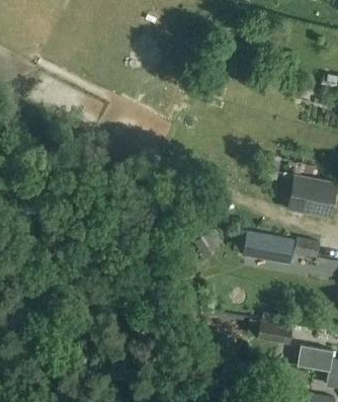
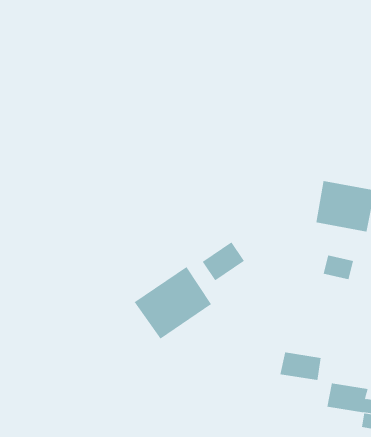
building: [241,235,293,263] -> none
building: none -> [134,266,212,340]

